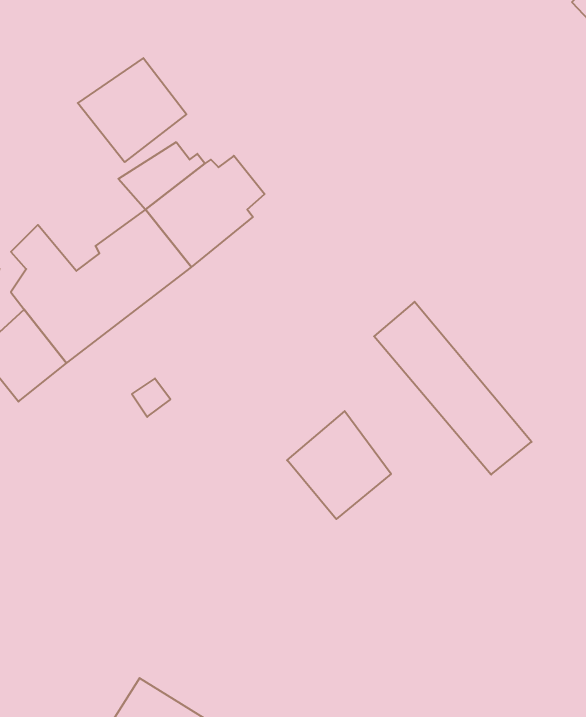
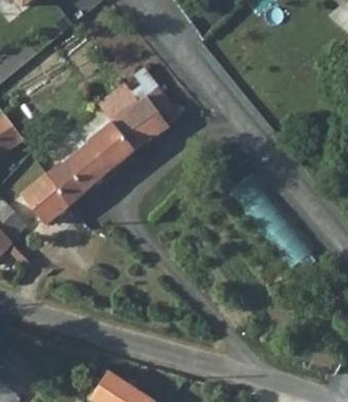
building: [78,58,186,162] -> none
building: [287,411,391,519] -> none

